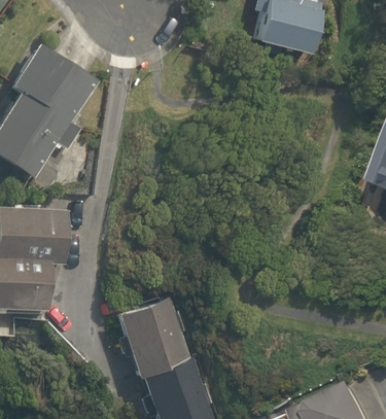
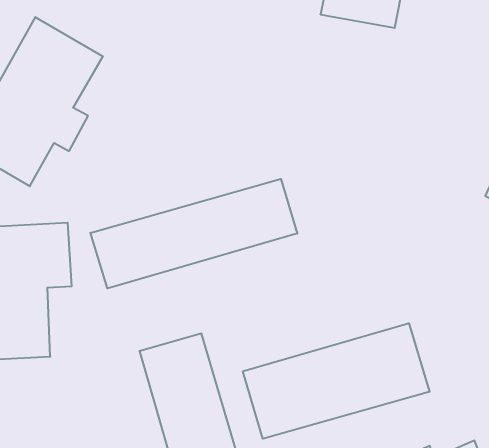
building: none -> [90,179,297,288]
building: none -> [243,323,429,439]

